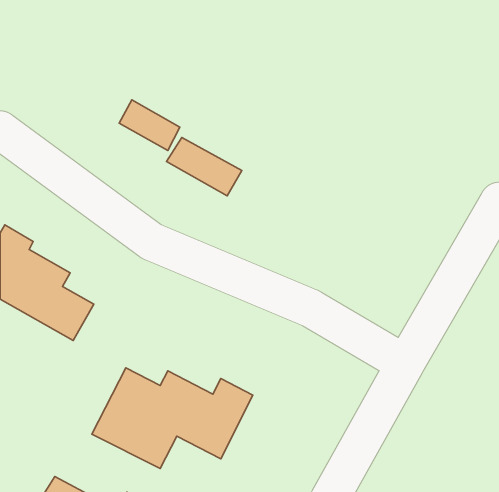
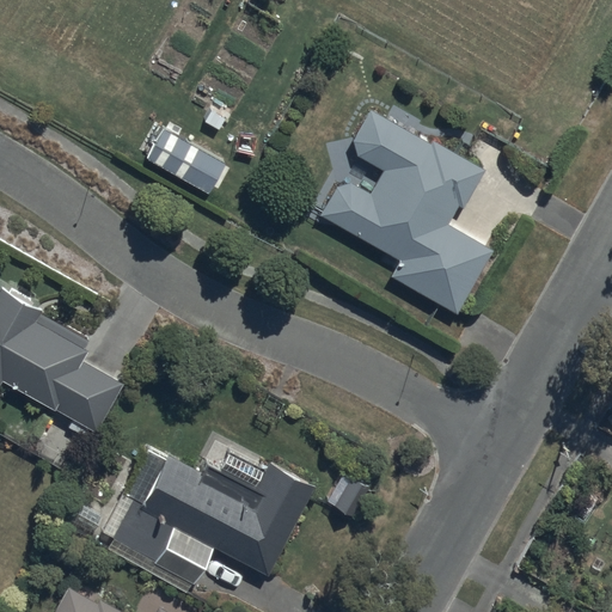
building: none -> [325,112,484,307]
building: [166,137,242,196] -> none

